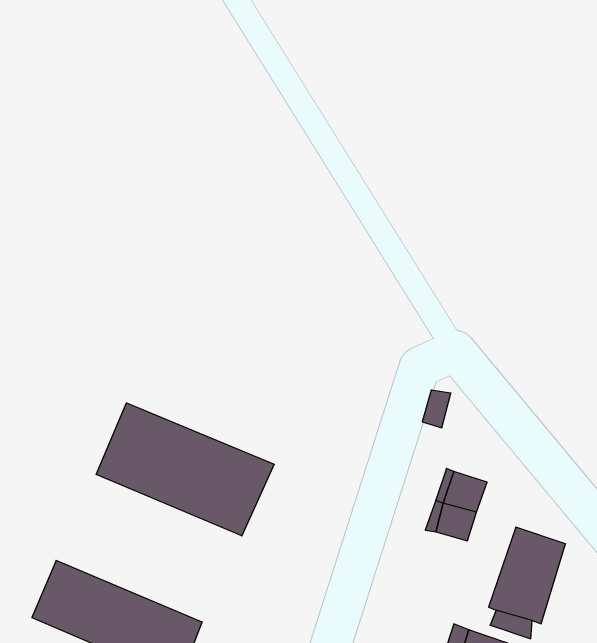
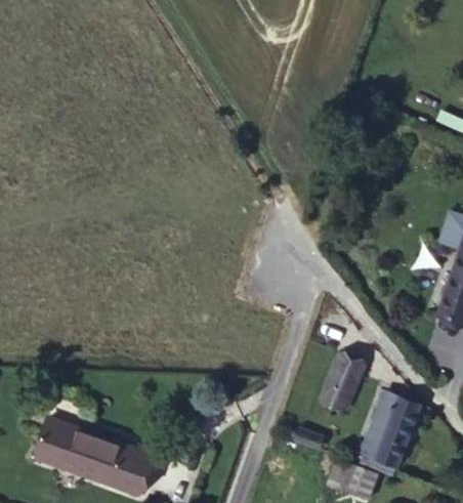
building: [96,403,274,536] -> none

